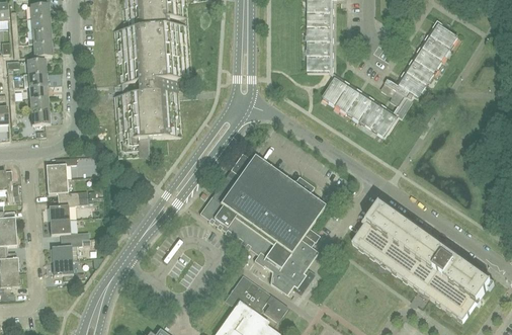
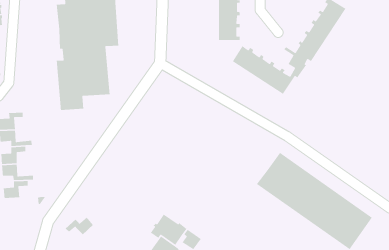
building: [200,153,326,294] -> none
building: [54,258,86,279] -> none
building: none -> [65,217,94,235]

